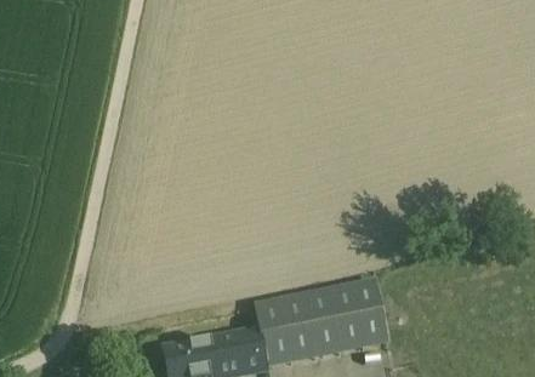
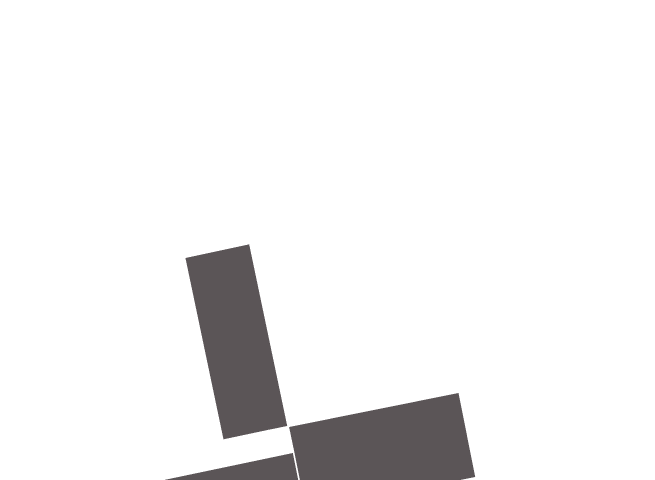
building: none -> [184,244,288,440]

